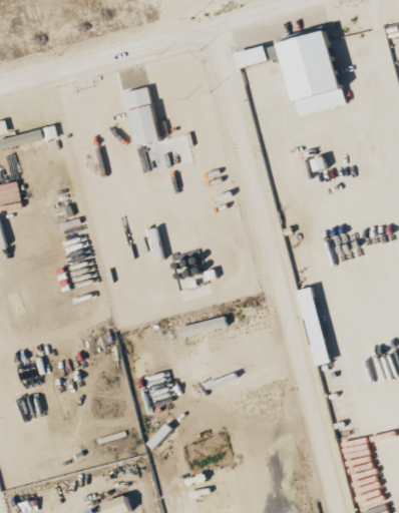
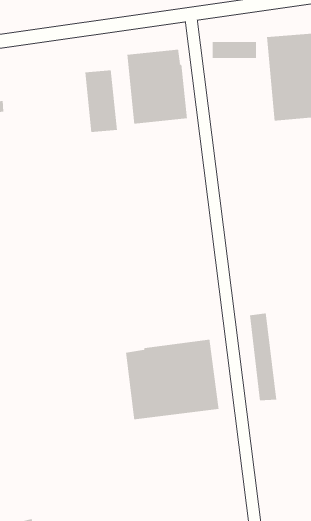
building: none -> [127,49,188,125]
building: none -> [125,339,219,420]

